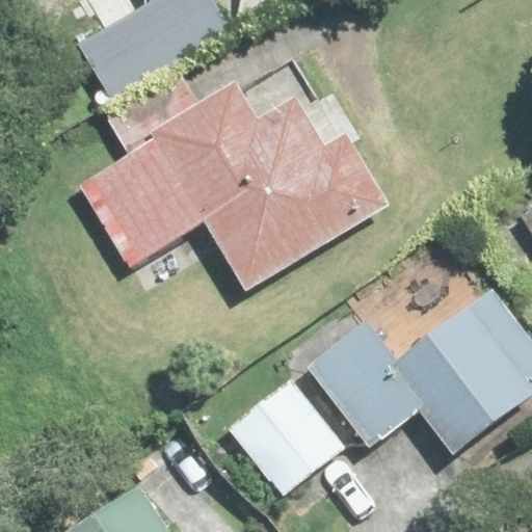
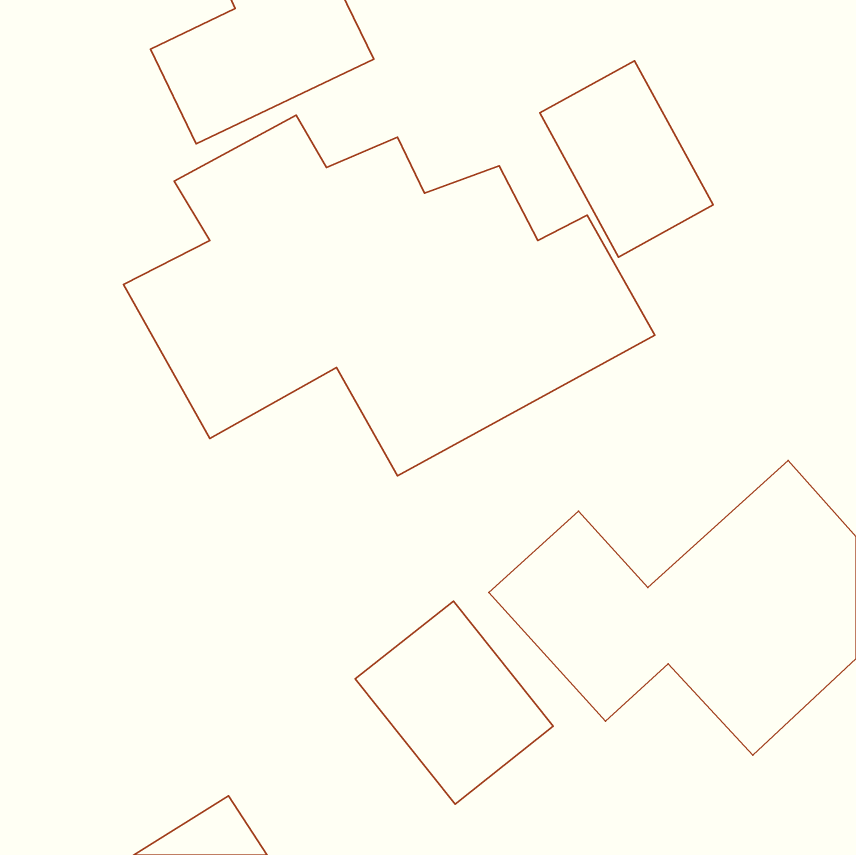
building: none -> [540,61,713,257]

